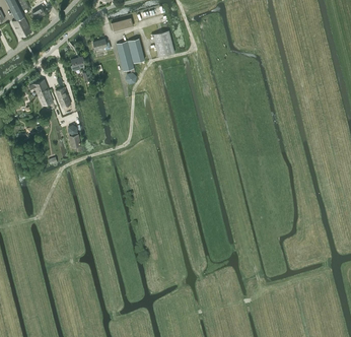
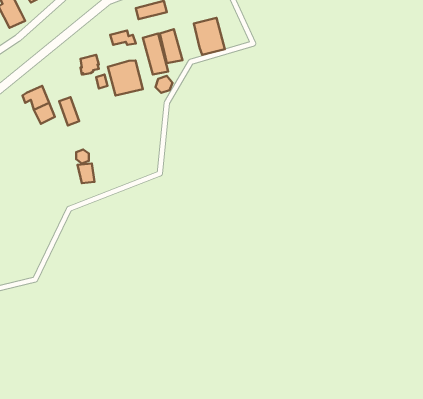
building: none -> [108,60,143,95]

